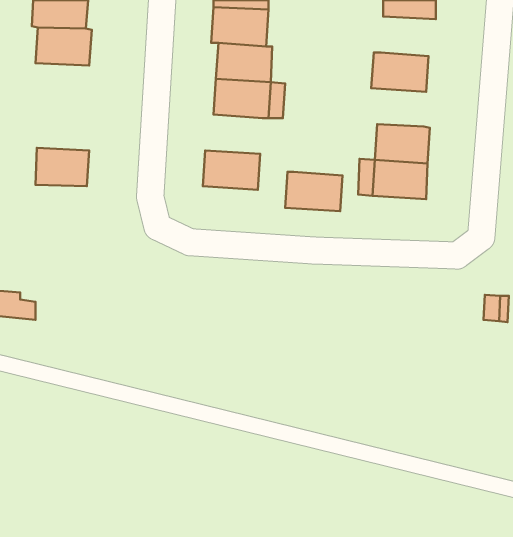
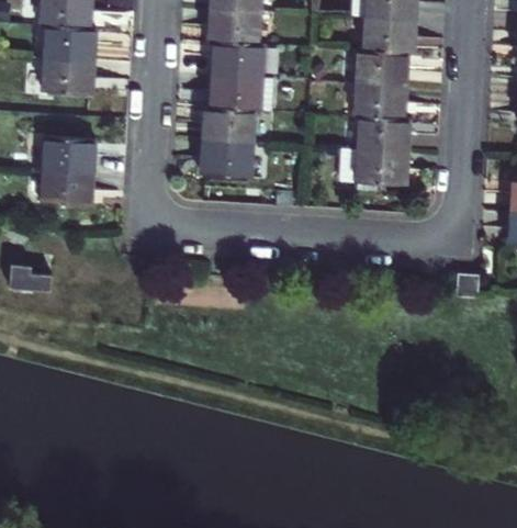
building: none -> [362,15,413,52]
building: none -> [44,58,94,92]
building: none -> [352,81,404,116]
building: [285,172,342,211] -> [201,105,254,142]
building: none -> [43,170,92,205]

